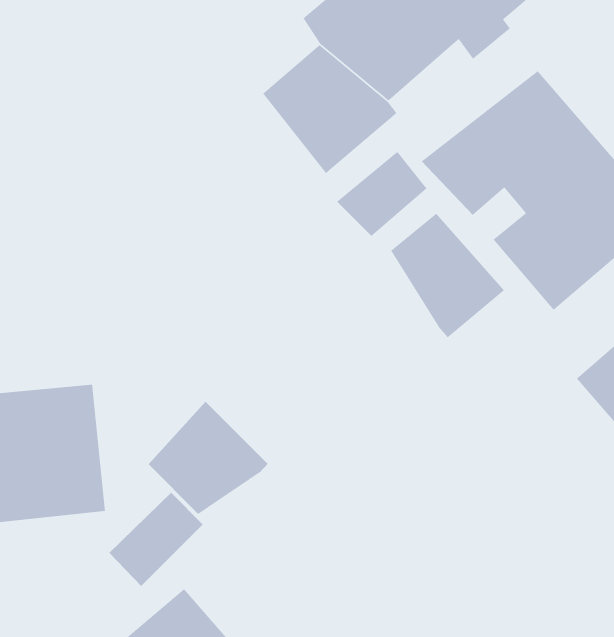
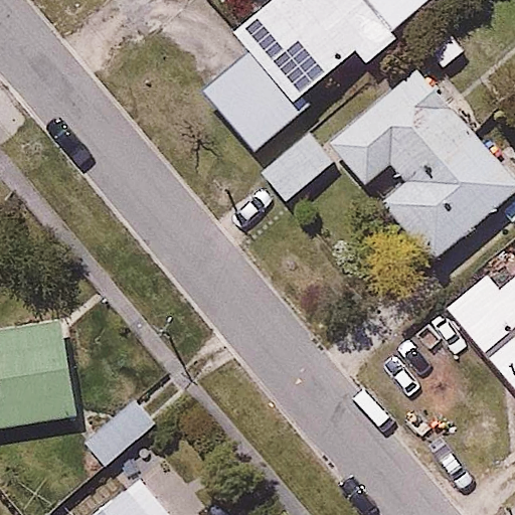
building: [390,213,505,338] -> none
building: [148,401,269,515] -> none

